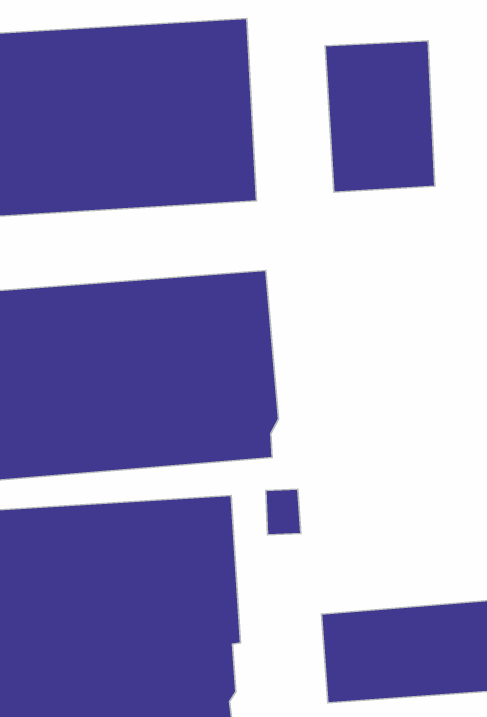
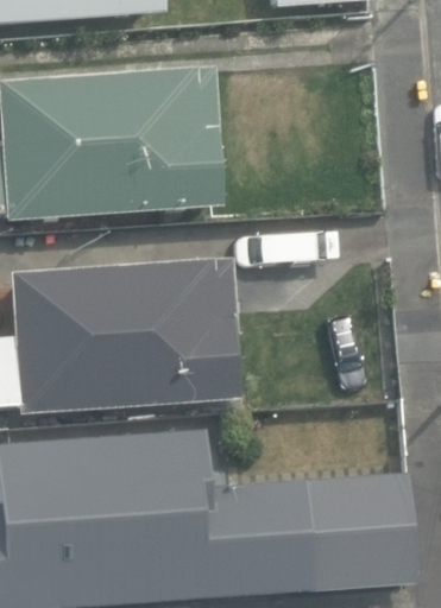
building: [325,41,435,192] -> none

